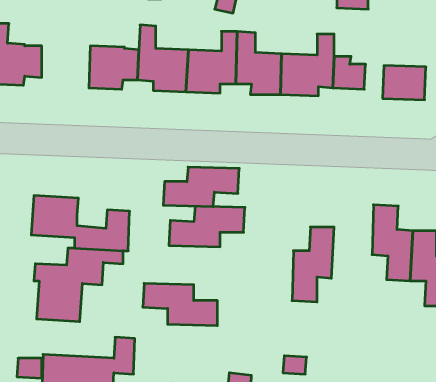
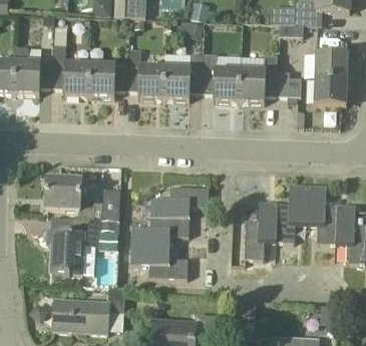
building: none -> [53,44,90,95]
building: none -> [315,51,348,79]
building: [163,167,239,207] -> [131,216,190,246]
building: none -> [275,185,307,241]

